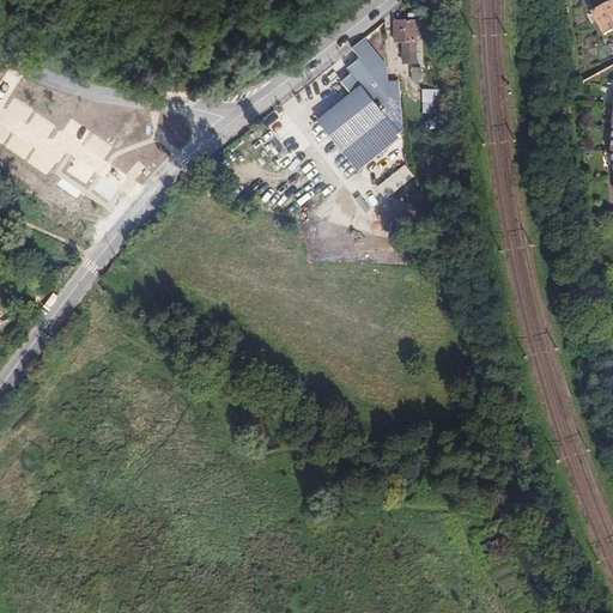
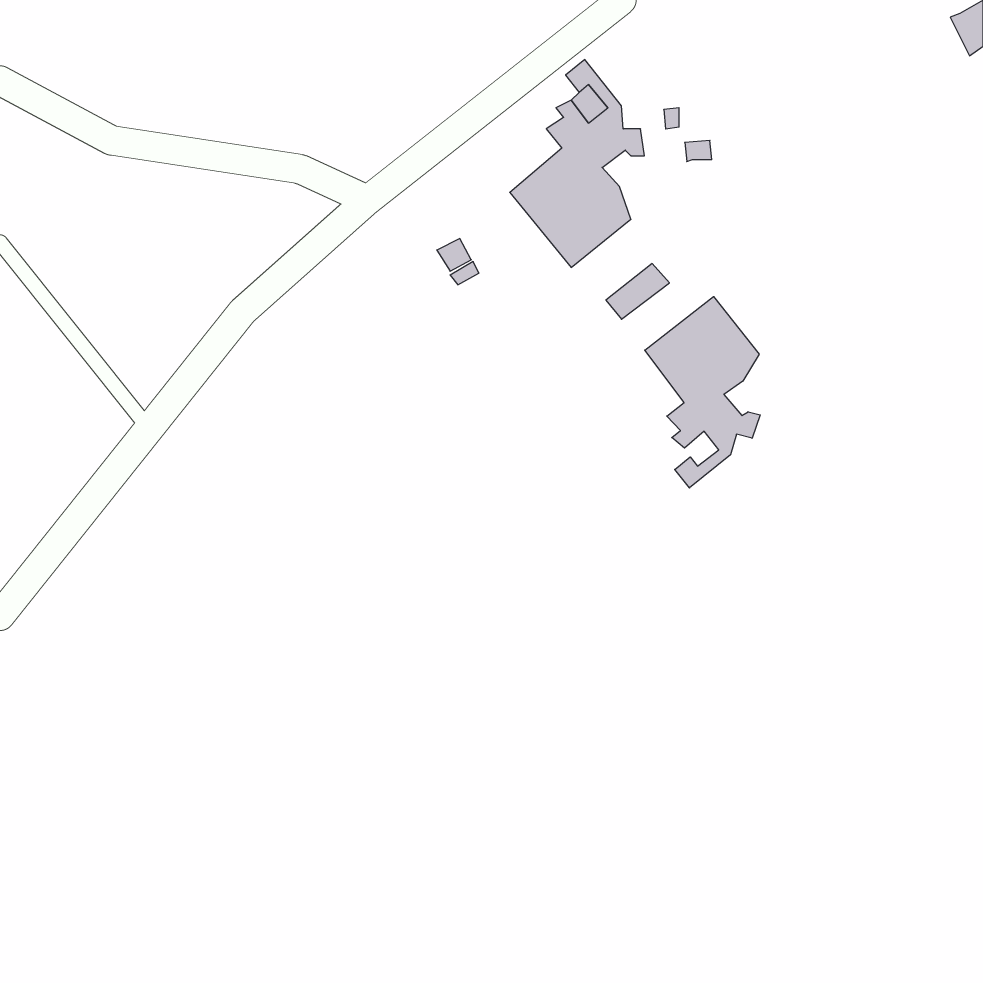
building: [395,20,415,63] -> none
building: none -> [645,297,760,488]

